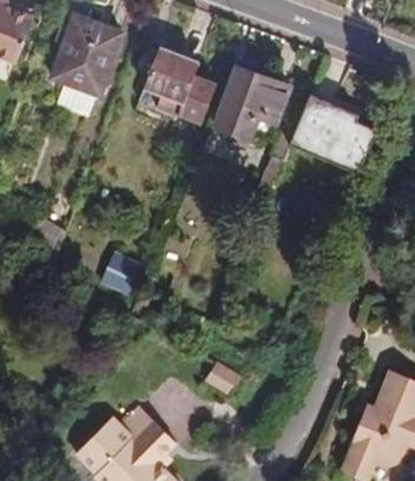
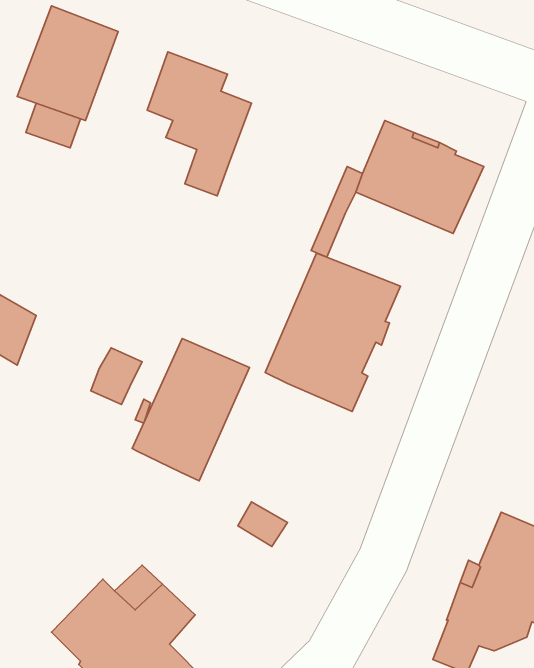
building: [213,66,290,140] -> none
building: none -> [265,253,401,411]
building: none -> [132,338,250,481]

